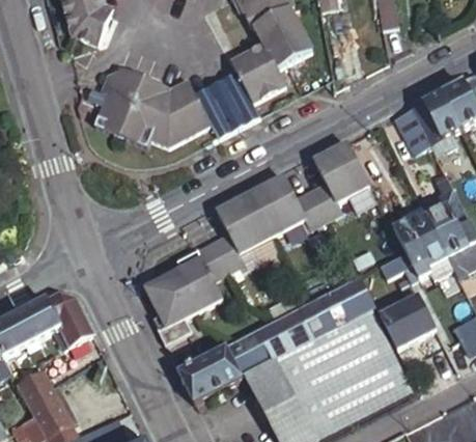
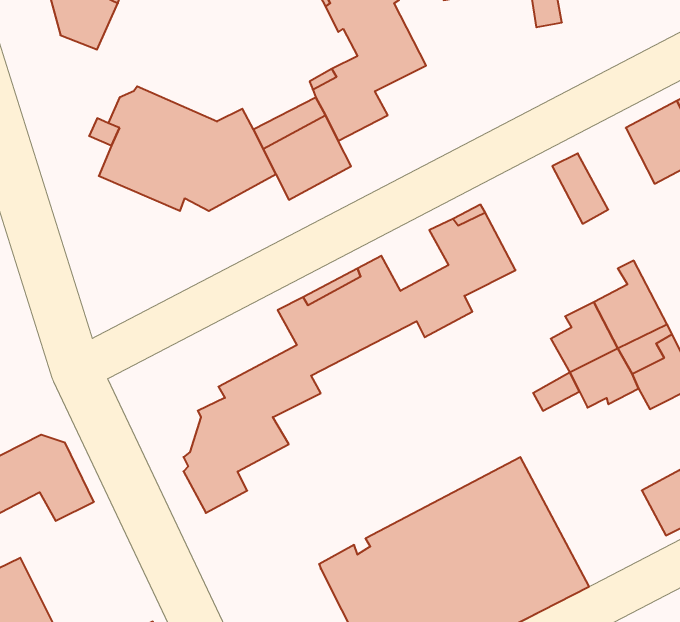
building: [409,92,458,157] -> none
building: [177,275,374,405] -> none
building: [380,294,436,347] -> none

